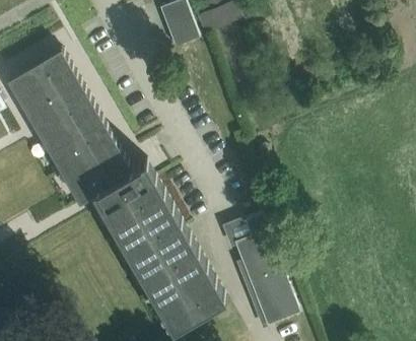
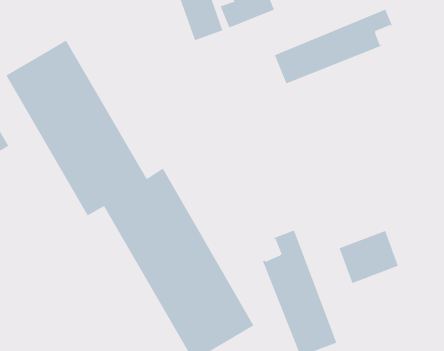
building: none -> [274,9,393,84]
building: none -> [339,230,399,284]

